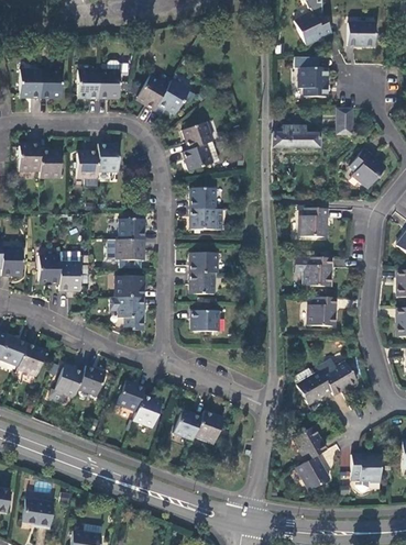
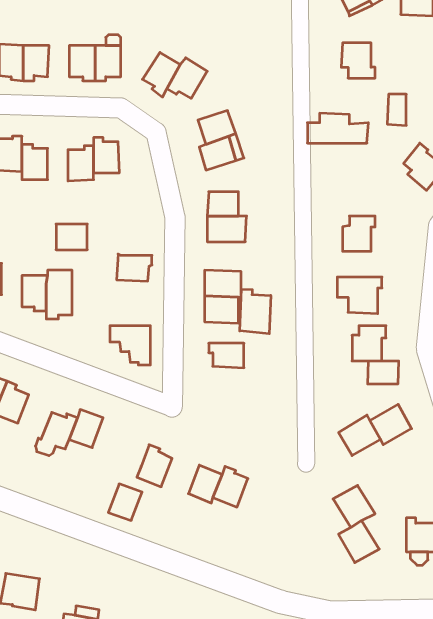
building: [120,219,145,240] -> [56,224,87,250]
building: none -> [240,289,271,334]
building: [117,276,145,297] -> none
building: none -> [368,361,399,384]
building: [118,381,145,411] -> [108,484,142,520]

